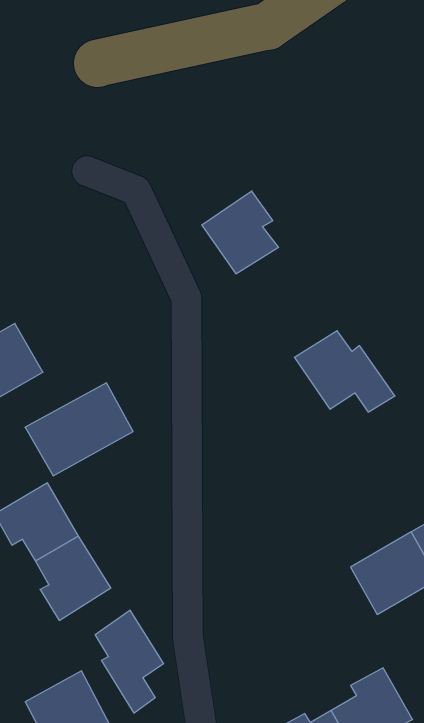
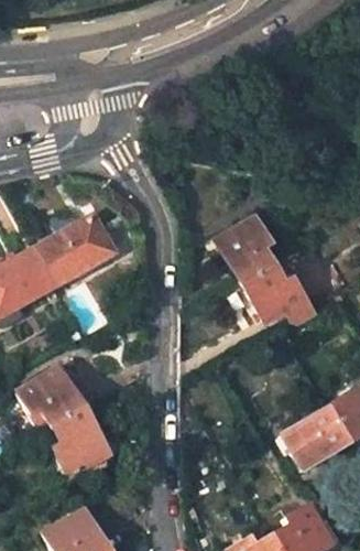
building: [202,191,279,274] -> [218,213,275,274]
building: [25,383,133,476] -> [35,216,116,285]
building: [95,610,164,713] -> none

